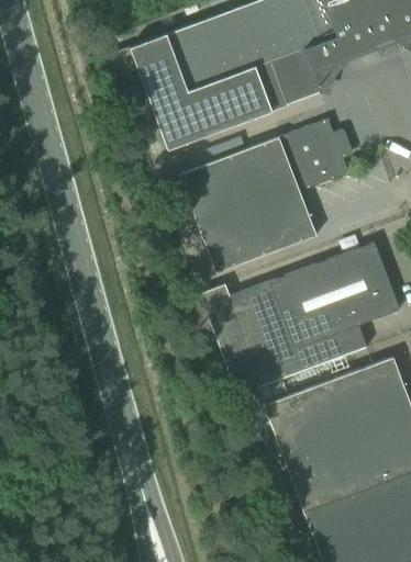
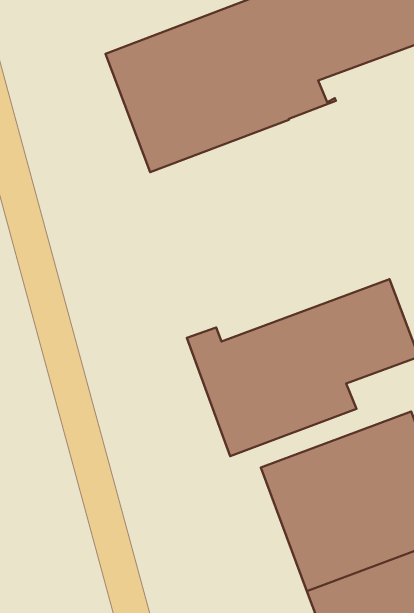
building: [179,119,347,274] -> none

